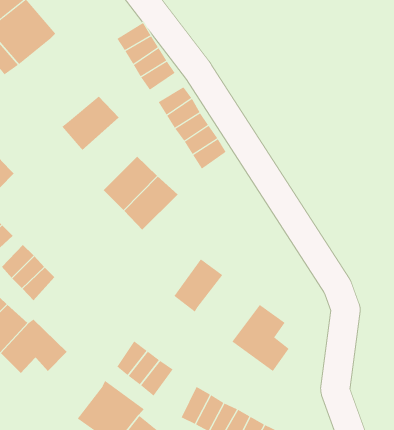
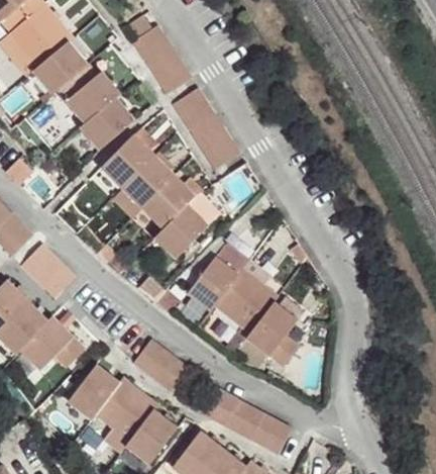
building: none -> [31,42,88,93]
building: none -> [64,70,121,124]
building: none -> [98,135,152,190]
building: none -> [151,203,207,259]
building: none -> [212,268,277,331]
building: none -> [68,364,118,419]

